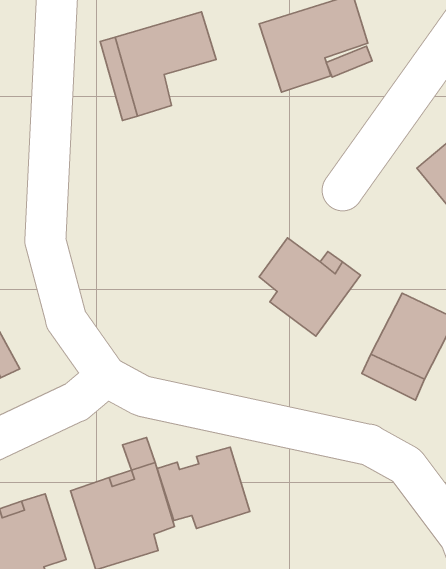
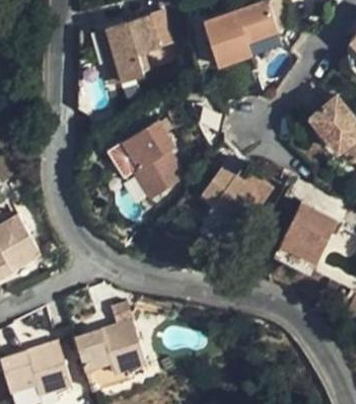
building: none -> [122,120,187,199]
building: [157,447,250,528] -> none

